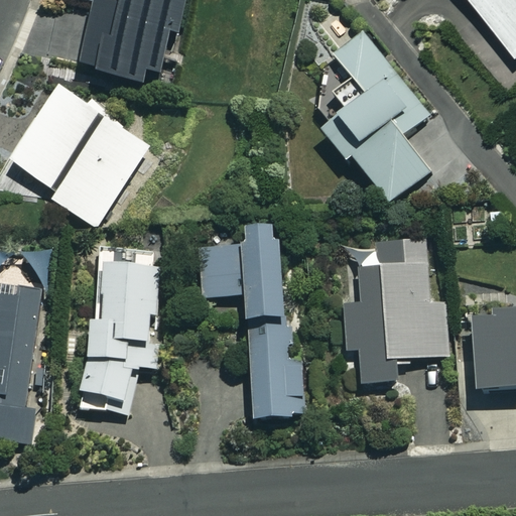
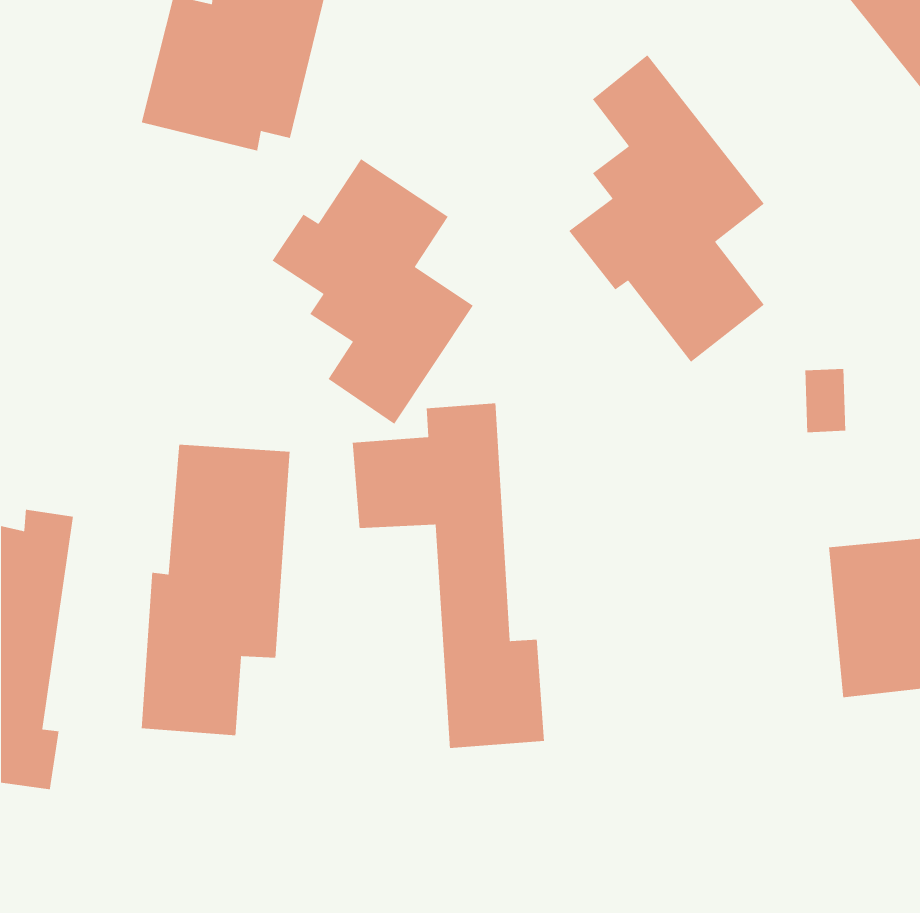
building: [8,86,150,228] -> none
building: none -> [271,158,474,425]
building: [343,239,448,381] -> none

